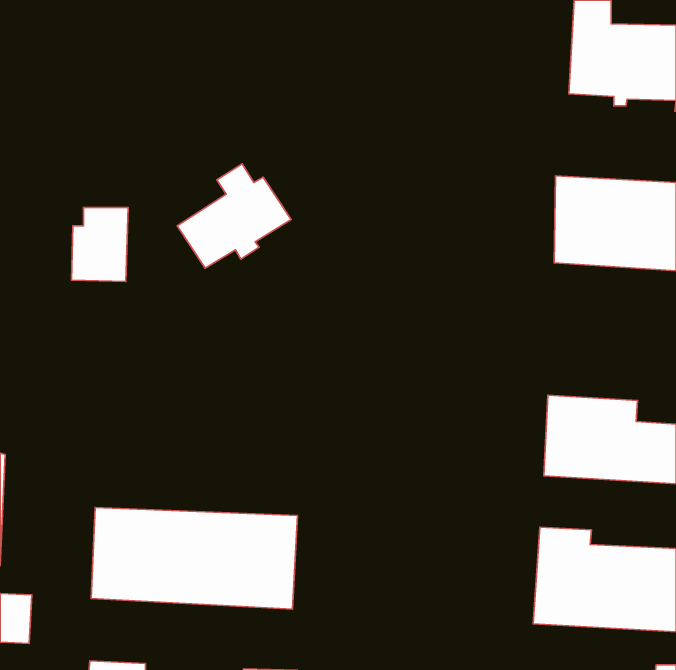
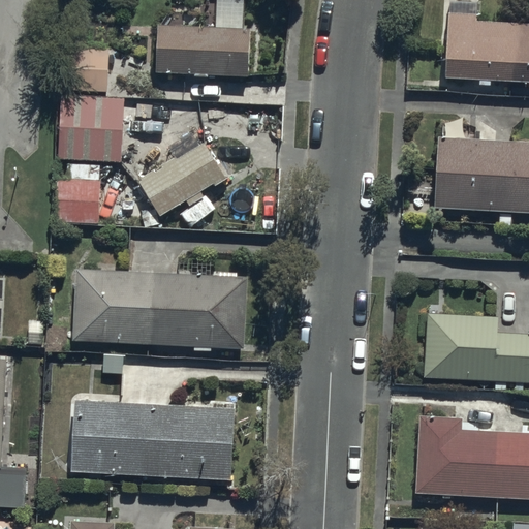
building: none -> [156,10,248,79]
building: none -> [64,49,108,92]
building: none -> [58,95,124,161]
building: none -> [73,270,246,348]

